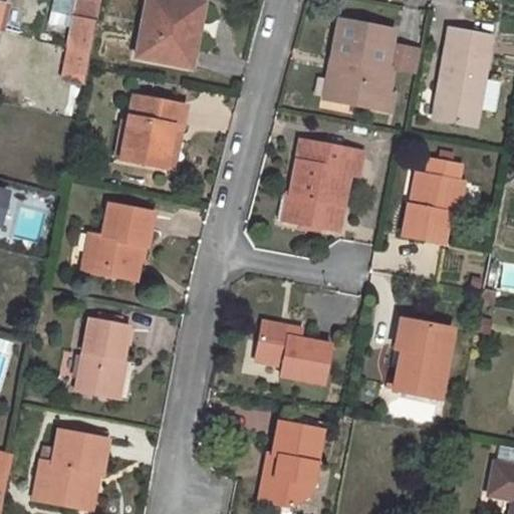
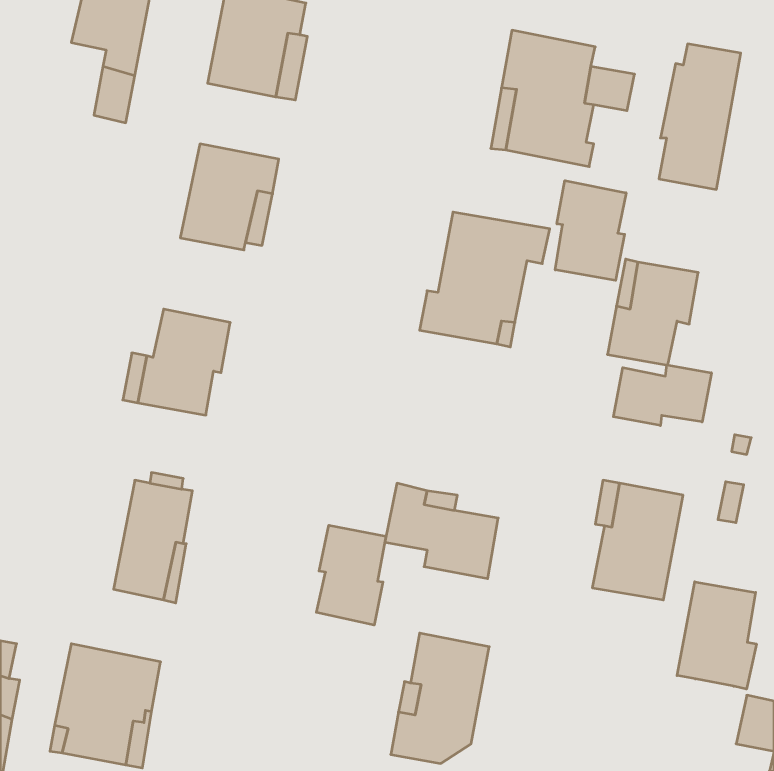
building: none -> [555,181,626,280]
building: none -> [613,365,711,426]
building: none -> [316,525,386,625]
building: none -> [677,582,756,689]

